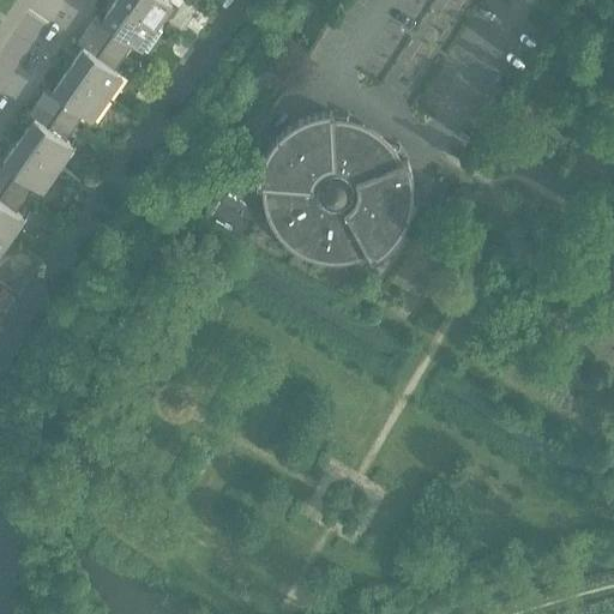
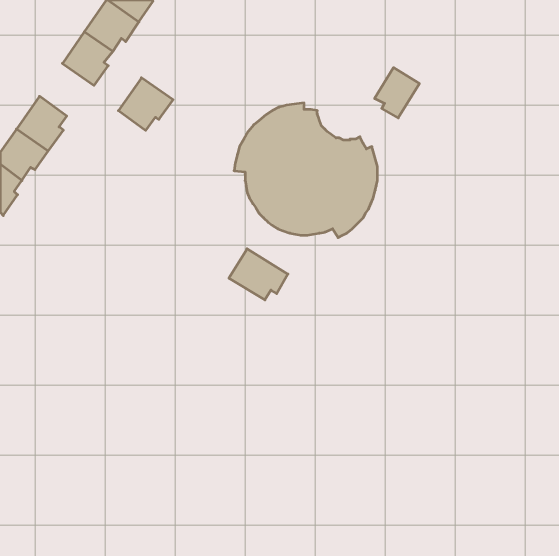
building: [43,73,103,131] -> [118,78,173,130]
building: none -> [375,68,419,118]
building: none -> [229,249,288,300]

